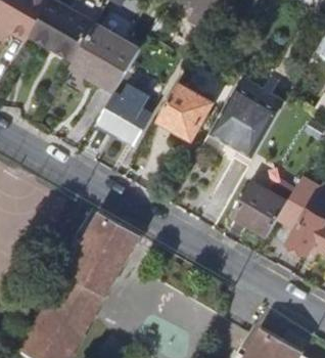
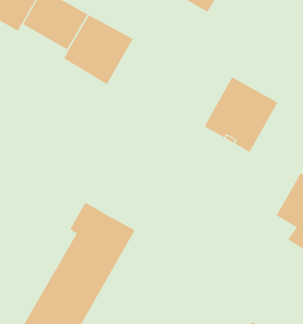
building: [158,83,211,137] -> none
building: [98,85,148,140] -> none
building: [235,178,296,236] -> none

